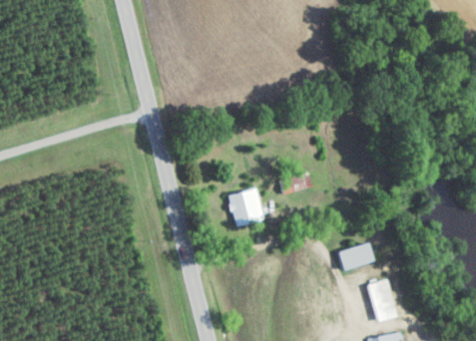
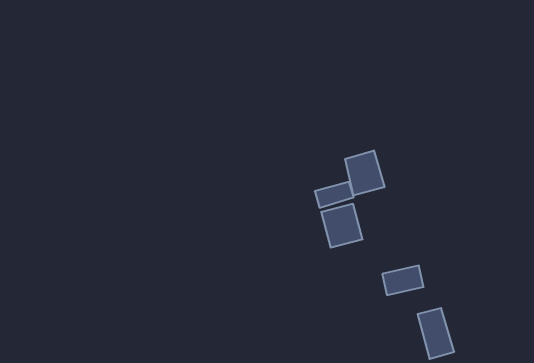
building: none -> [345,150,384,196]
building: [228,189,264,226] -> [321,204,363,248]

